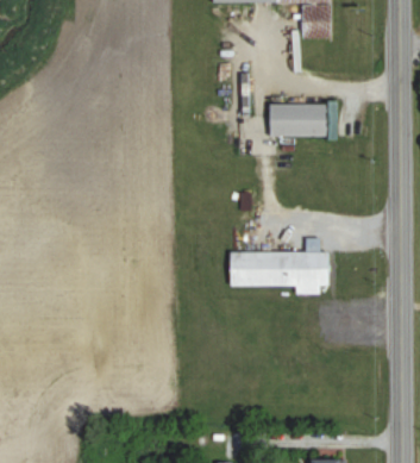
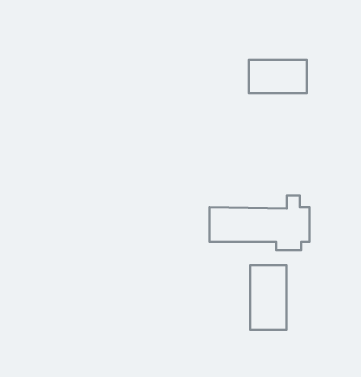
building: none -> [250,265,286,330]

